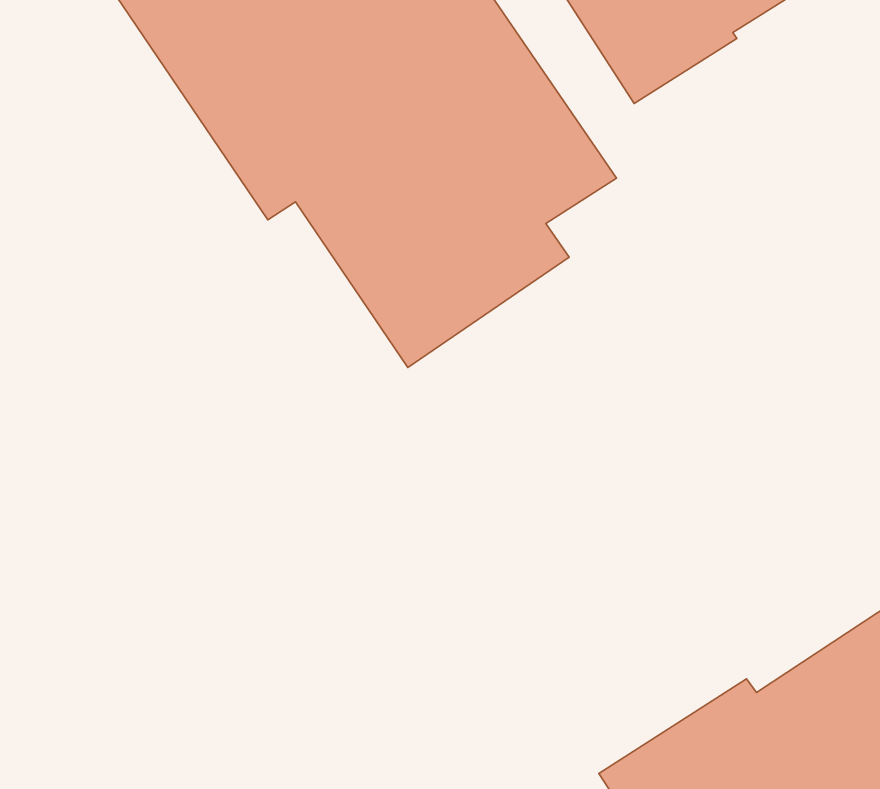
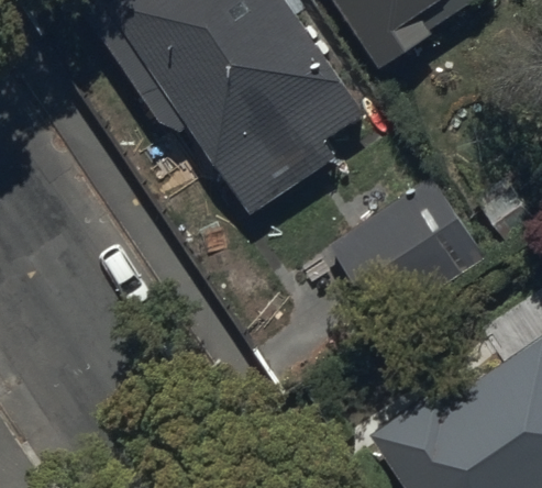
building: none -> [329,174,479,312]

